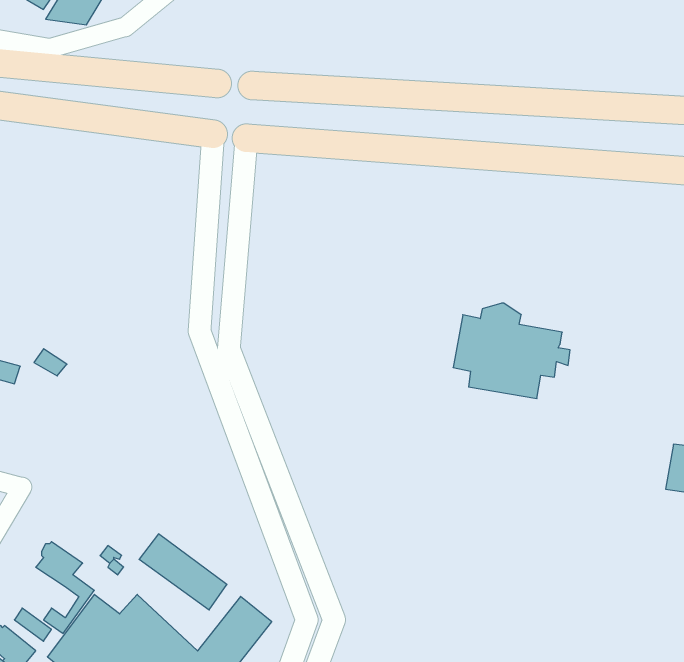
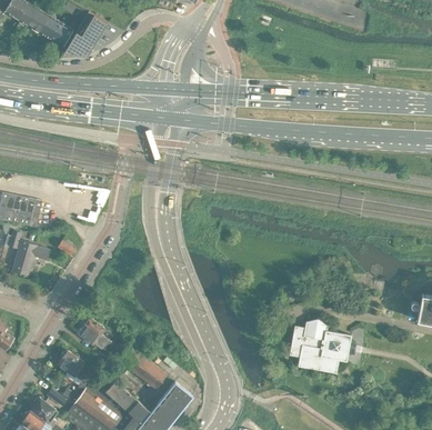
building: [453,303,570,399] -> [289,319,355,373]
building: none -> [78,318,113,351]

